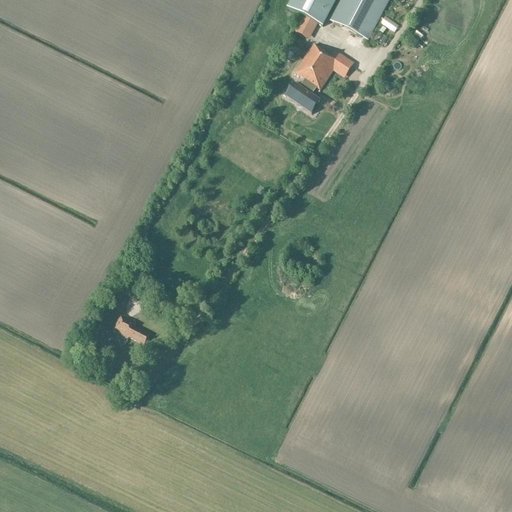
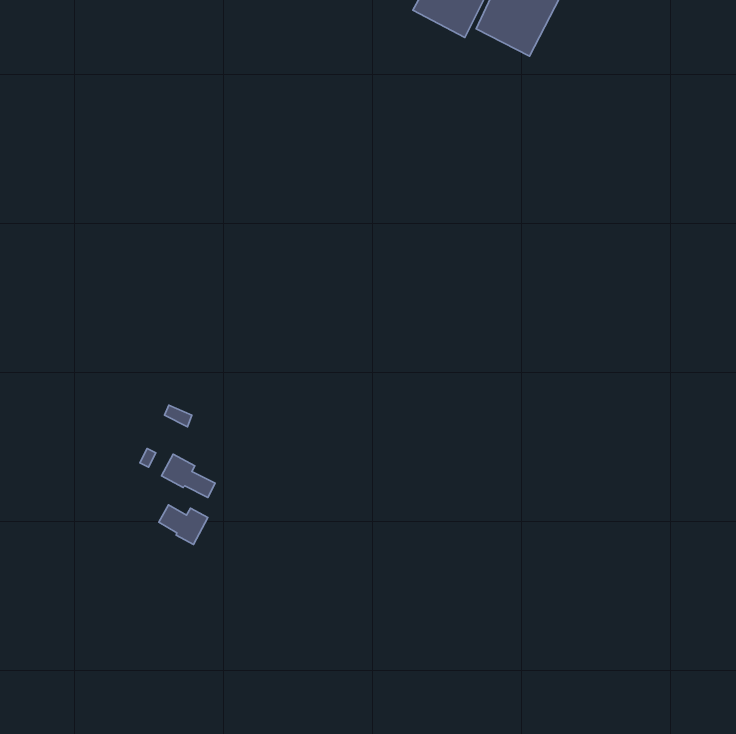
building: [294,44,339,104] -> none
building: none -> [159,505,208,544]

